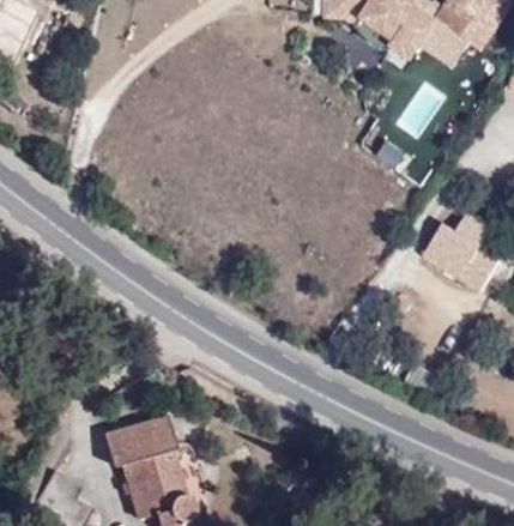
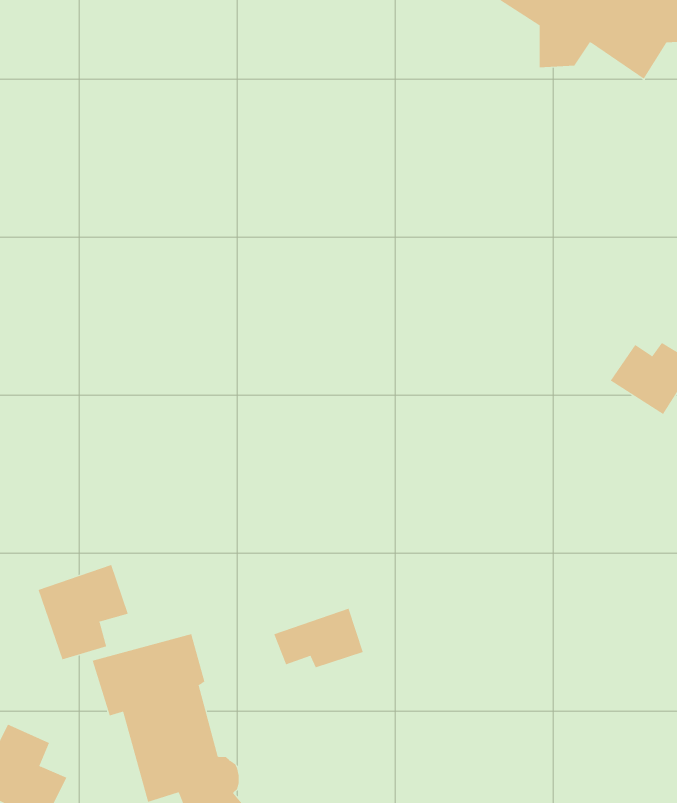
building: none -> [38,564,129,660]
building: none -> [273,608,363,668]

